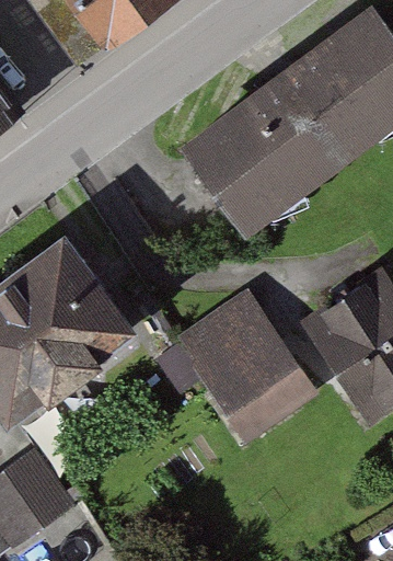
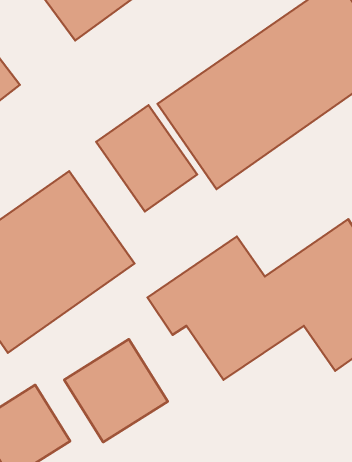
building: none -> [96,105,197,211]
building: none -> [64,339,168,442]

